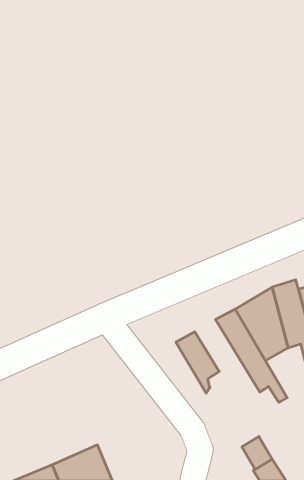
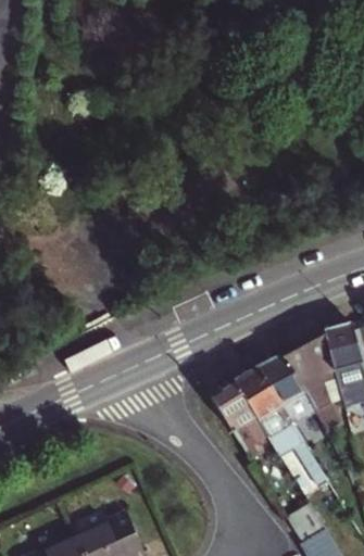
building: none -> [236,369,329,492]

